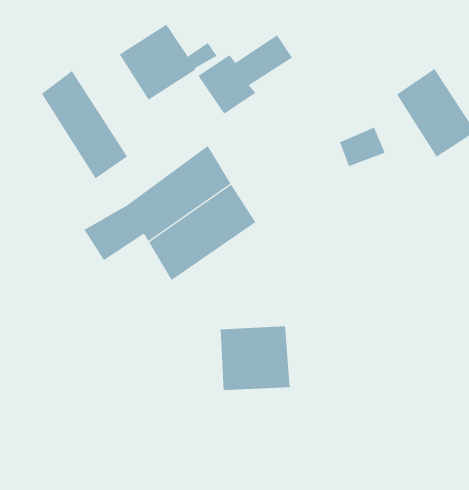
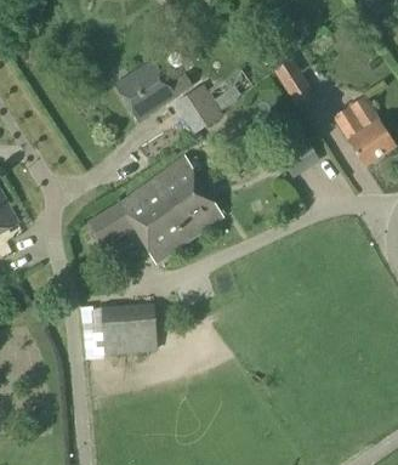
building: none -> [272,57,314,107]
building: [41,70,128,179] -> none
building: [220,326,291,391] -> [101,302,157,353]

